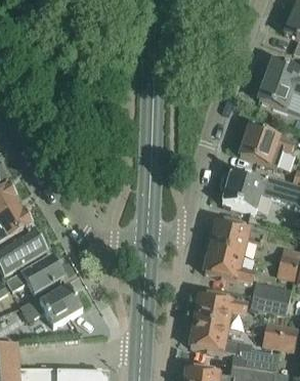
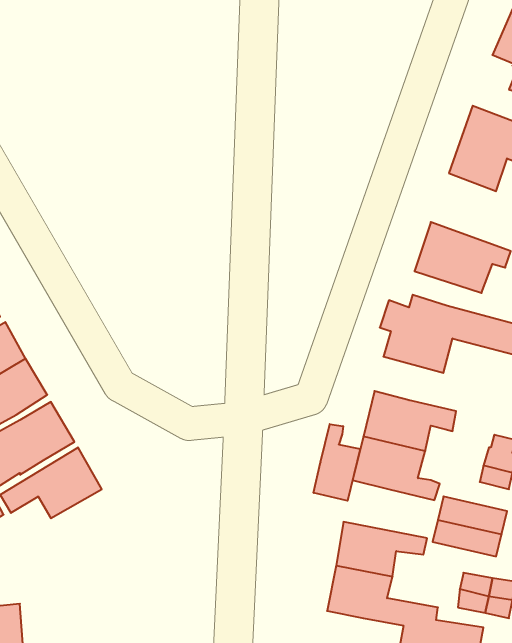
building: none -> [314,424,360,501]
building: [18,285,82,326] -> none

